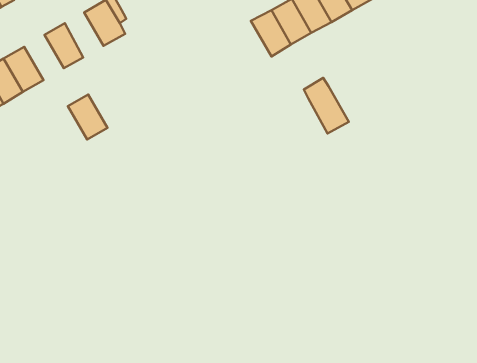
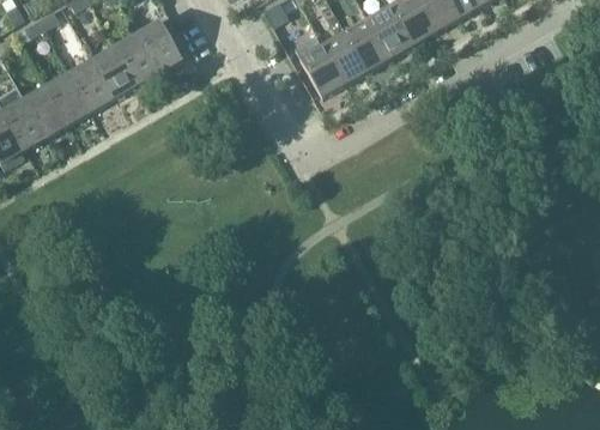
building: none -> [114,35,157,85]
building: [304,78,349,134] -> [293,35,344,97]
building: [68,94,108,140] -> [68,60,113,110]

